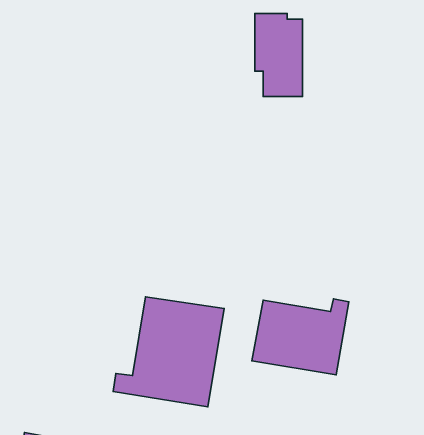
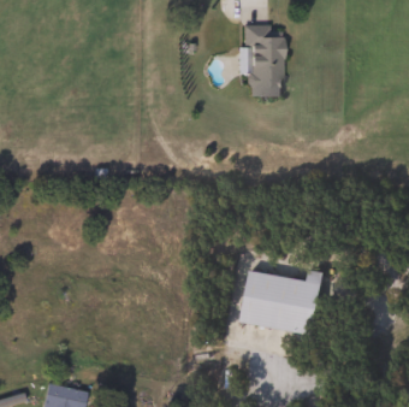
building: [113,297,224,407] -> none

